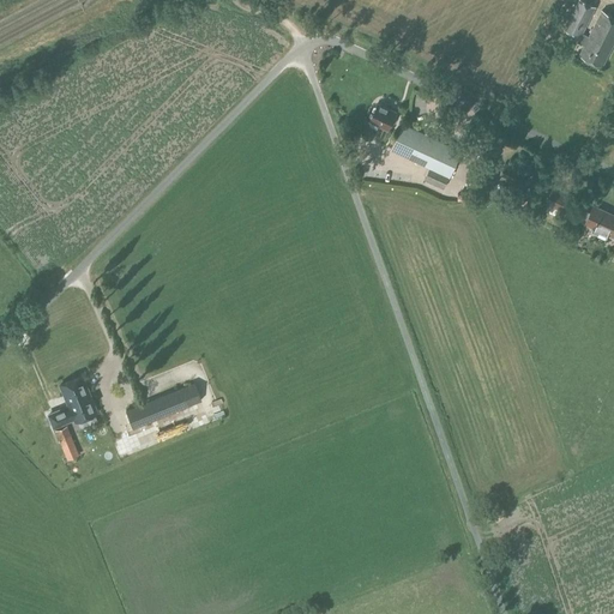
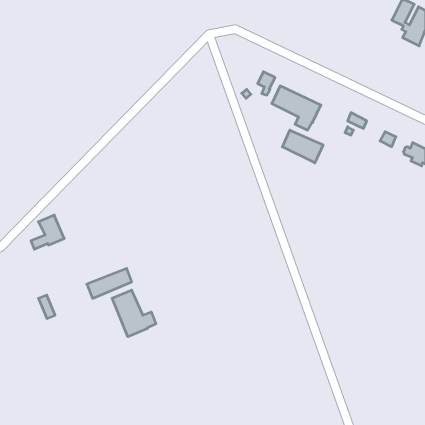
building: none -> [282,130,323,163]
building: [50,378,98,427] -> [31,215,64,249]
building: none -> [112,290,156,337]

